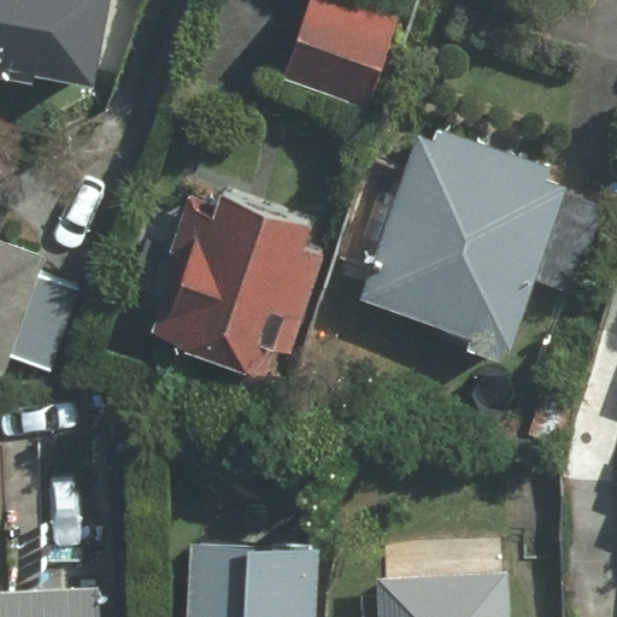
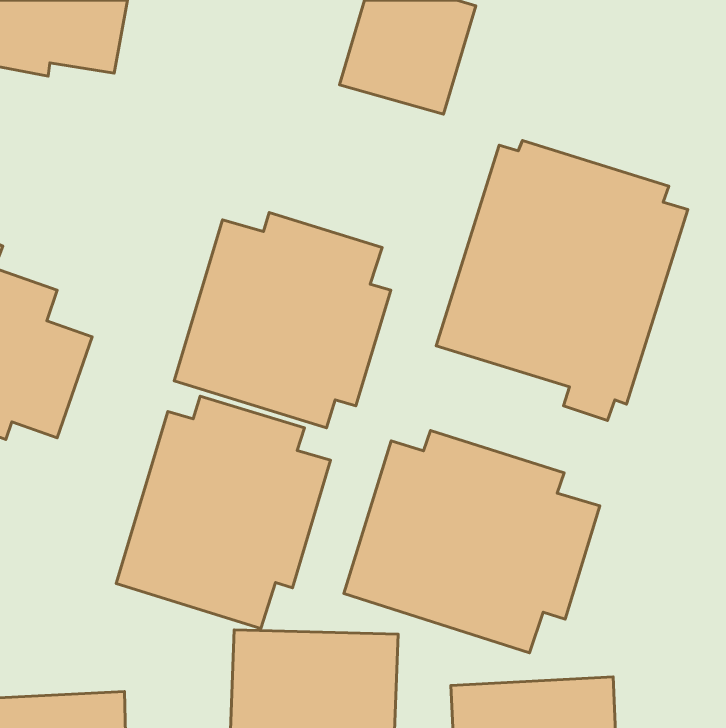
building: none -> [116,396,331,628]
building: none -> [344,431,600,653]

